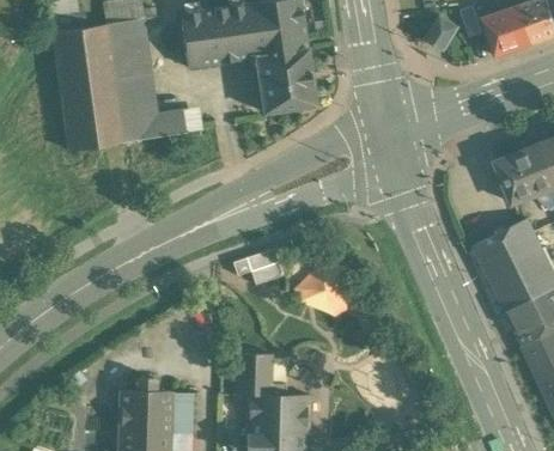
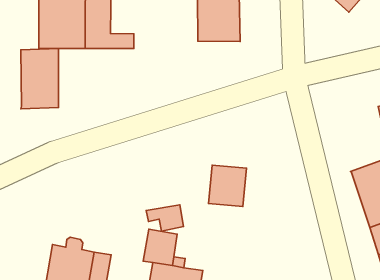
building: none -> [21,48,59,109]
building: [233,250,282,286] -> [146,205,183,231]

